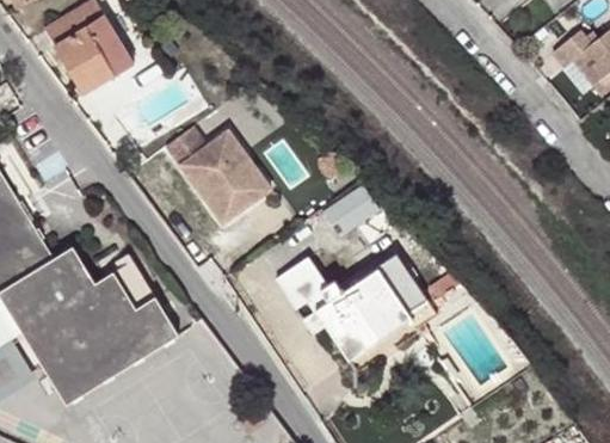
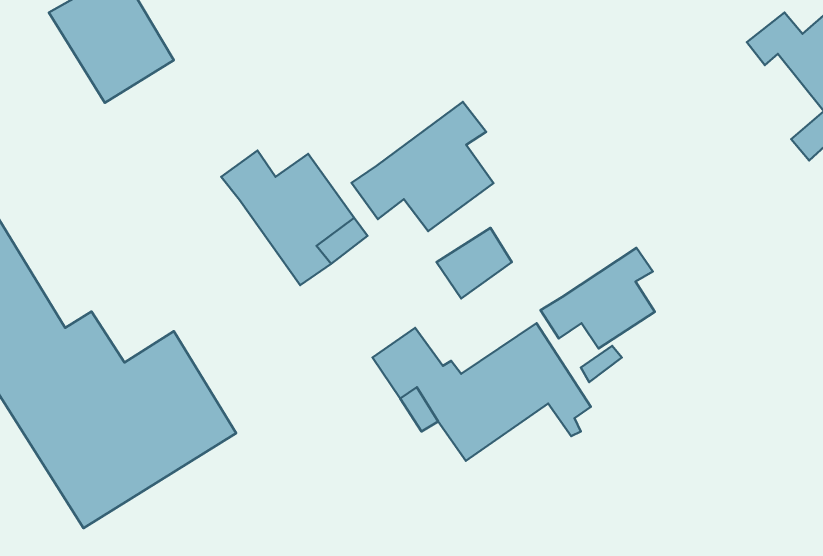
building: none -> [352,102,493,231]
building: none -> [540,248,655,349]

